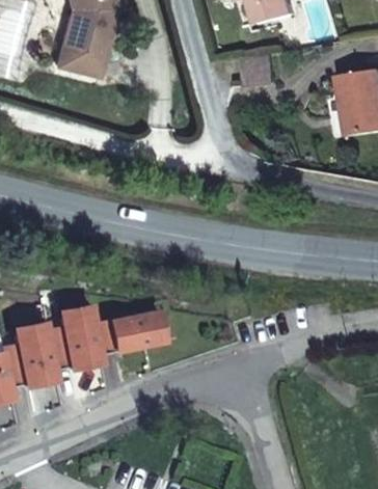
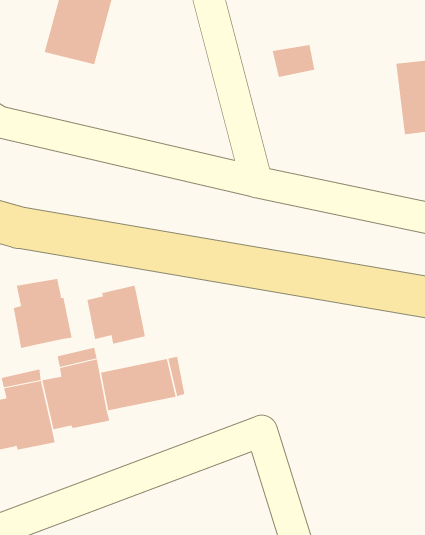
building: none -> [13,278,72,349]
building: none -> [87,285,146,344]

